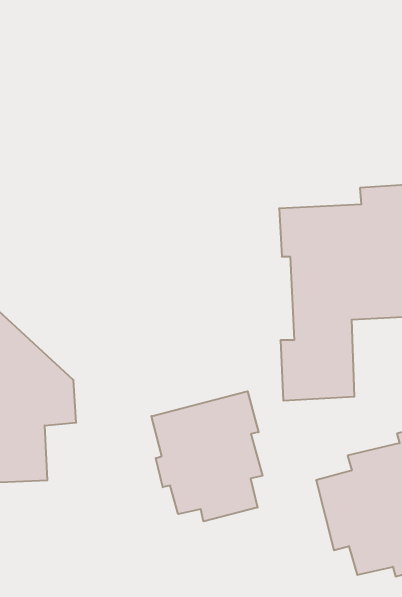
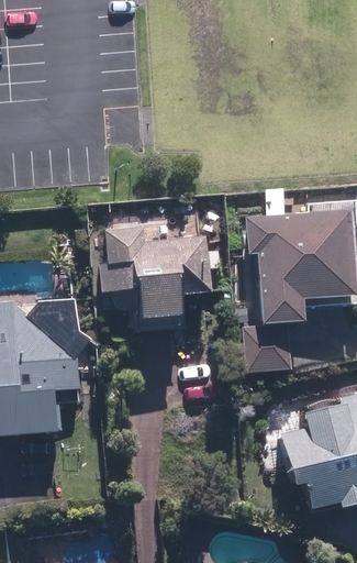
building: none -> [97,216,210,331]
building: [151,391,262,521] -> none

